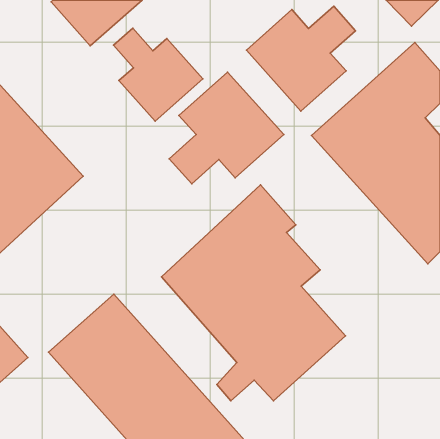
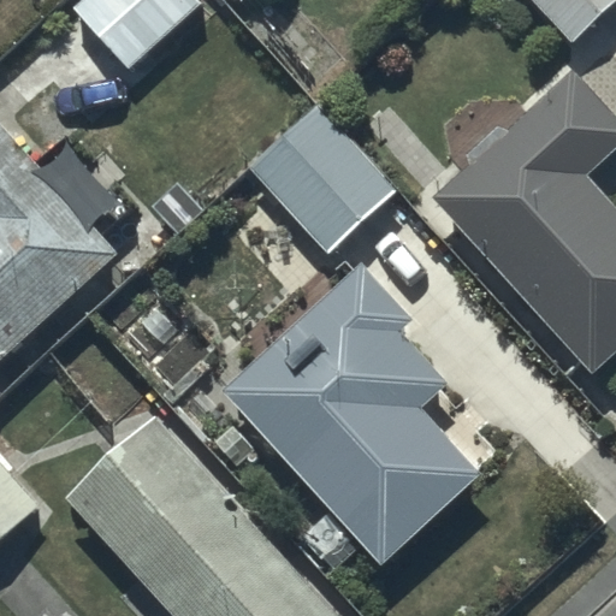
building: [247,6,356,111] -> none
building: [114,28,203,121] -> none

